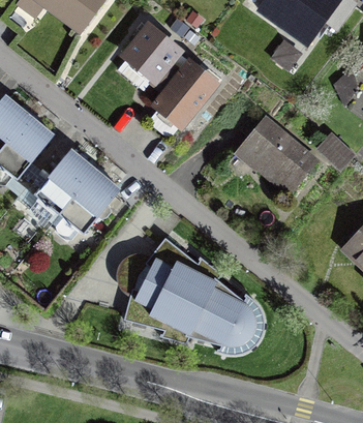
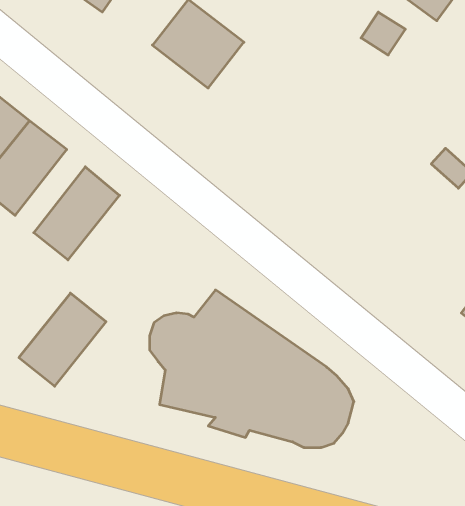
building: [146,58,218,135] -> none
building: [232,116,317,199] -> none
building: [57,167,120,234] -> [19,293,106,386]

